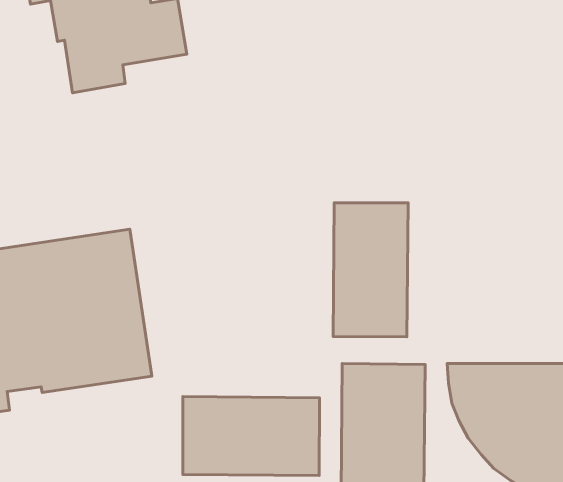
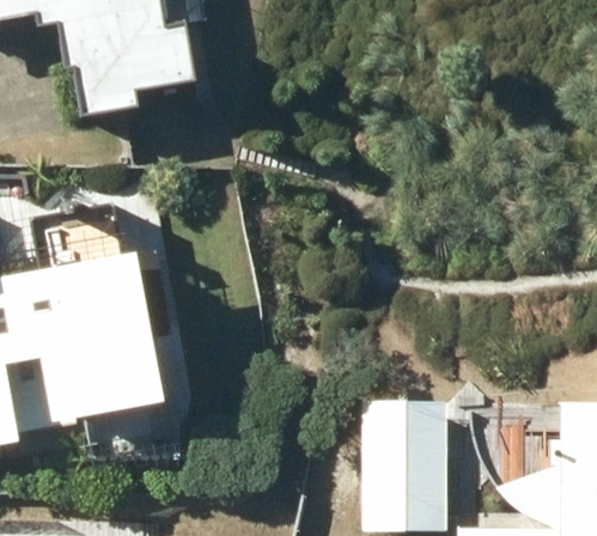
building: [333,203,408,337] -> none
building: [183,397,320,476] -> none

